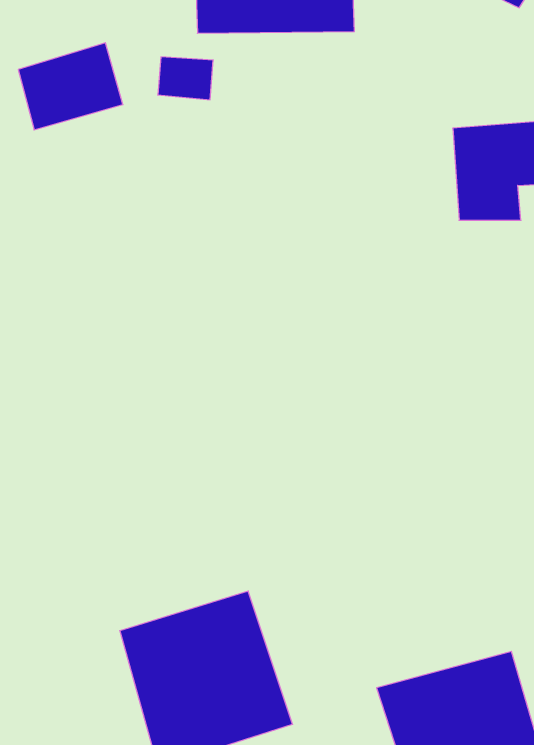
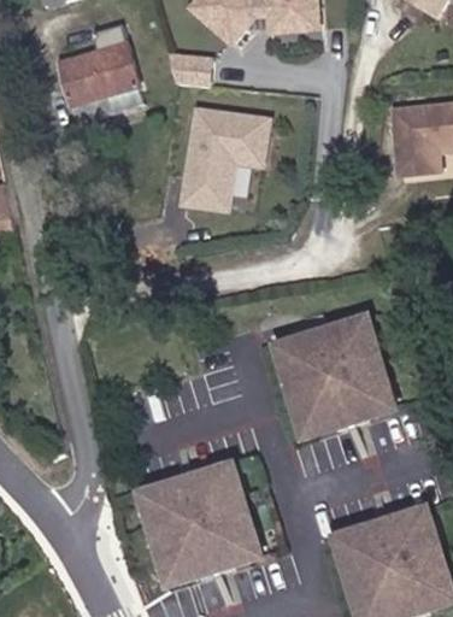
building: none -> [171,102,266,212]
building: none -> [271,312,404,442]

